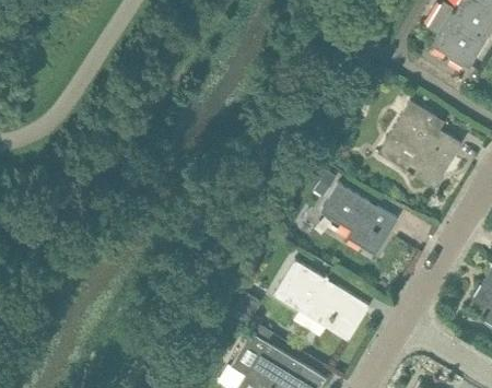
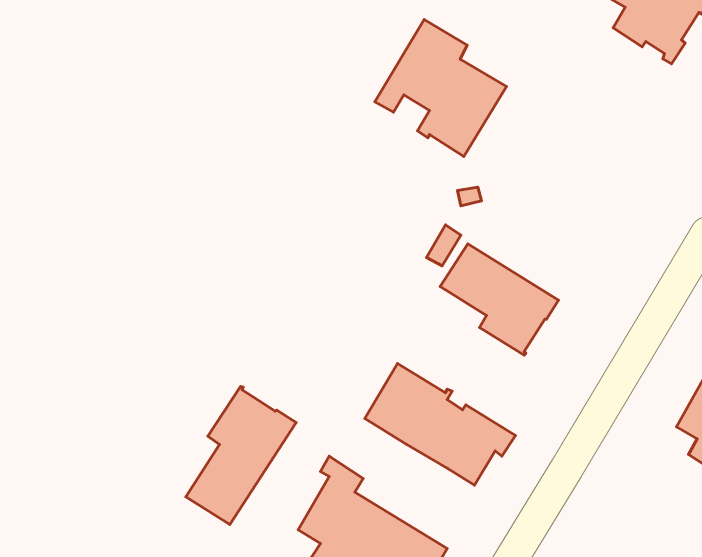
building: [378,102,462,189] -> [375,20,506,157]
building: none -> [186,386,296,525]

